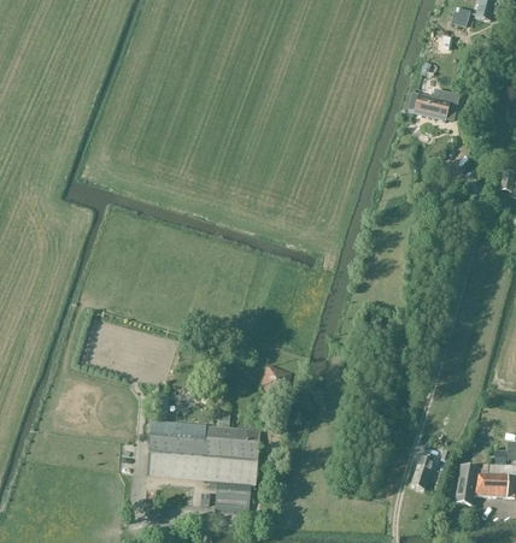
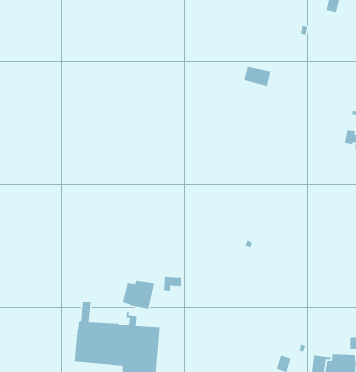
building: [414,93,450,120] -> [243,66,271,87]
building: none -> [122,280,156,310]

